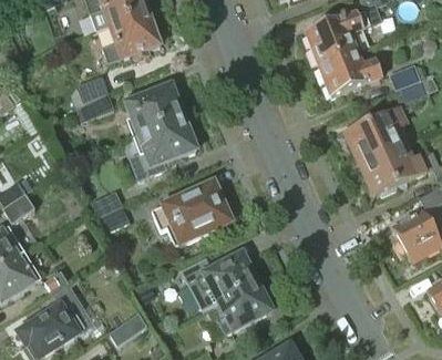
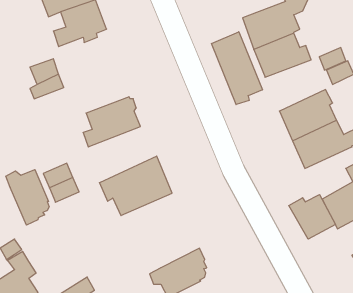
building: none -> [211,32,262,105]
building: [125,83,184,134] -> none
building: none -> [6,170,49,225]
building: none -> [289,195,335,239]
building: [179,254,260,309] -> none

